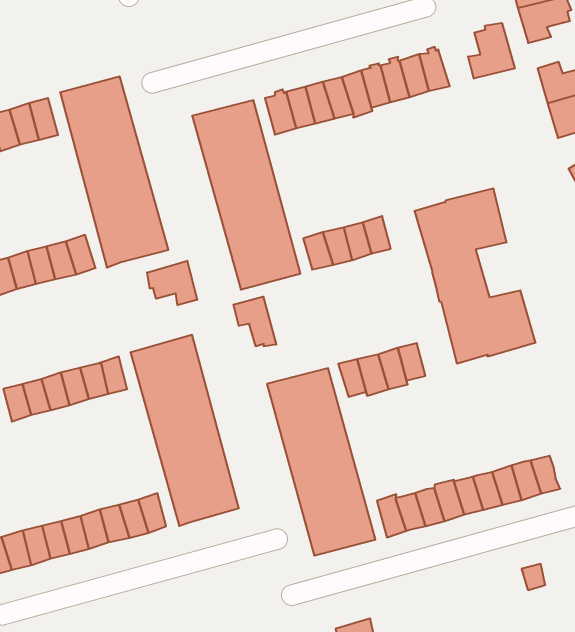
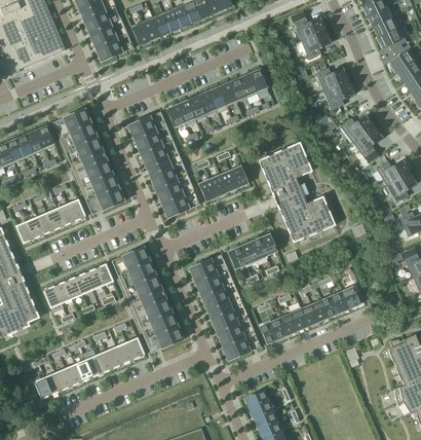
building: [468,23,515,79] -> none
building: [147,261,197,305] -> none
building: [233,297,276,346] -> none

